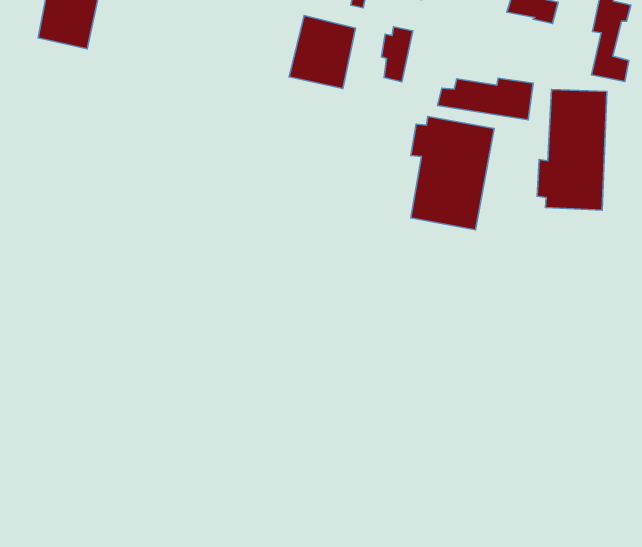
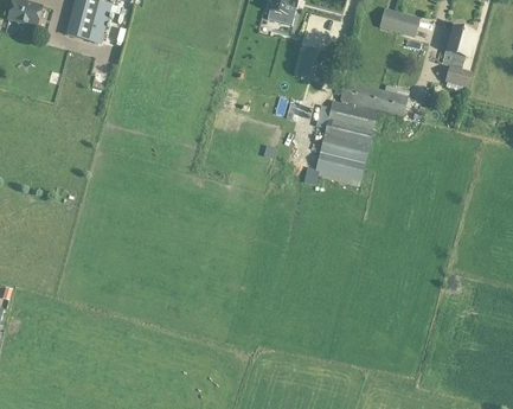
building: [289,15,356,88] -> none
building: [537,90,607,210] -> none

